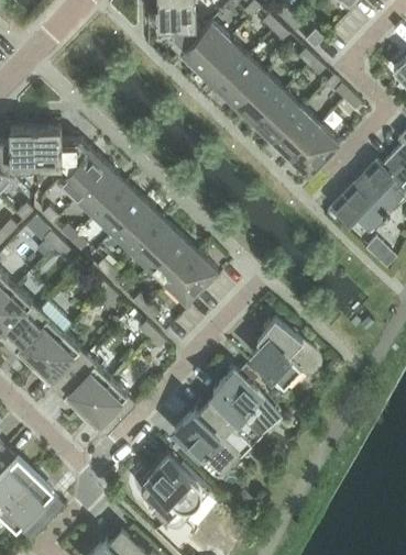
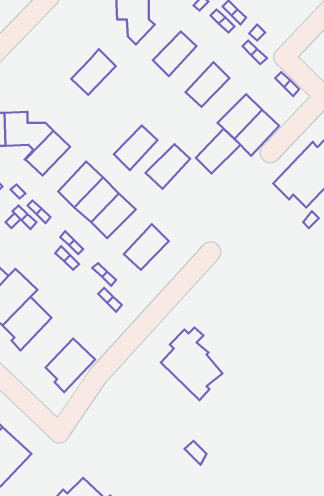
building: [180,21,230,71] -> [71,49,116,95]
building: [217,56,266,107] -> none
building: [253,91,303,141] -> [196,129,240,174]
building: [77,167,125,217] -> [114,125,158,170]
building: [149,236,198,286] -> [146,144,190,189]
building: [251,320,319,391] -> none
building: [53,356,111,411] -> none
building: [174,406,251,473] -> none
building: [141,456,210,530] -> none

